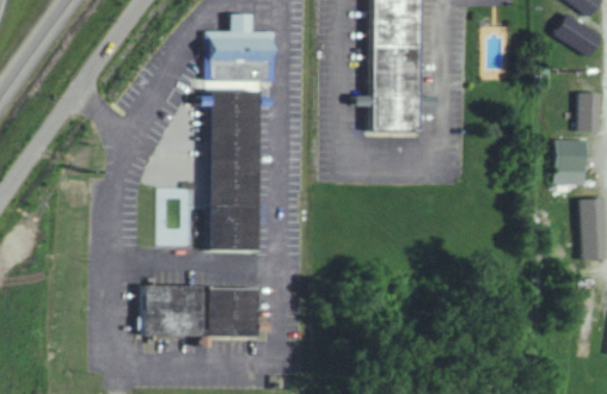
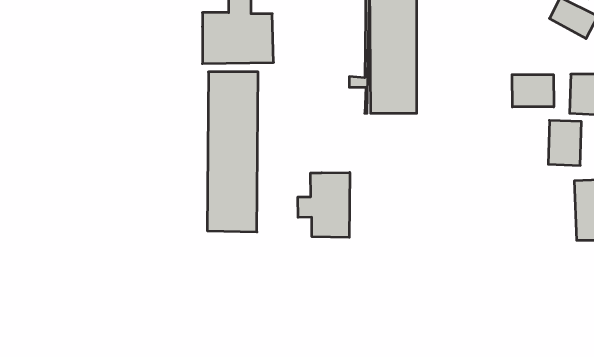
building: none -> [512,75,554,107]
building: none -> [298,172,350,237]
building: [143,284,259,338] -> none

